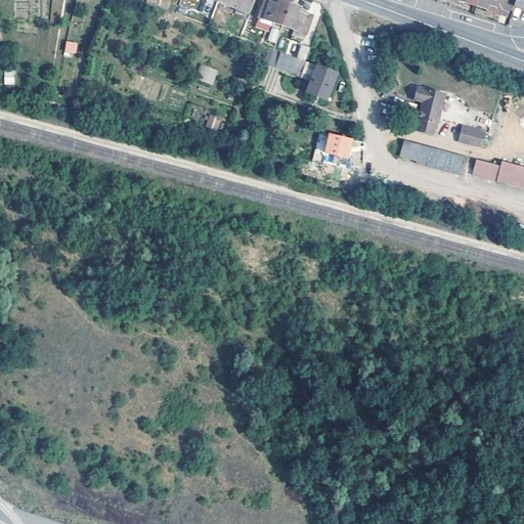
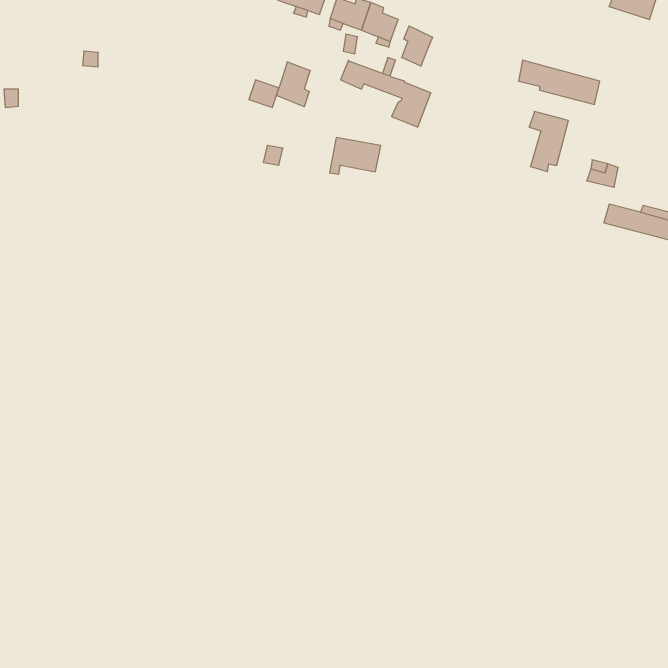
building: none -> [402,26,432,66]
building: none -> [276,62,310,107]
building: [314,131,354,160] -> [330,138,381,174]
building: [401,140,465,175] -> [519,60,600,105]

